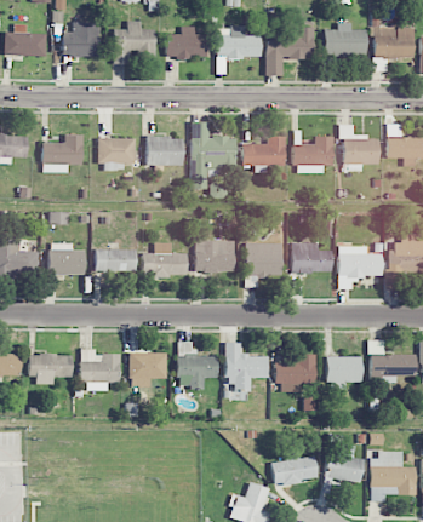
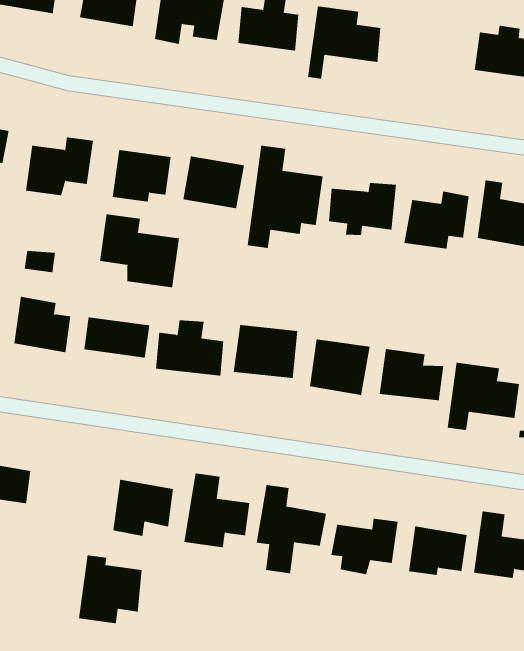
building: [267,27,314,75] -> none
building: none -> [100,213,179,288]
building: [82,349,121,391] -> [78,555,143,624]

